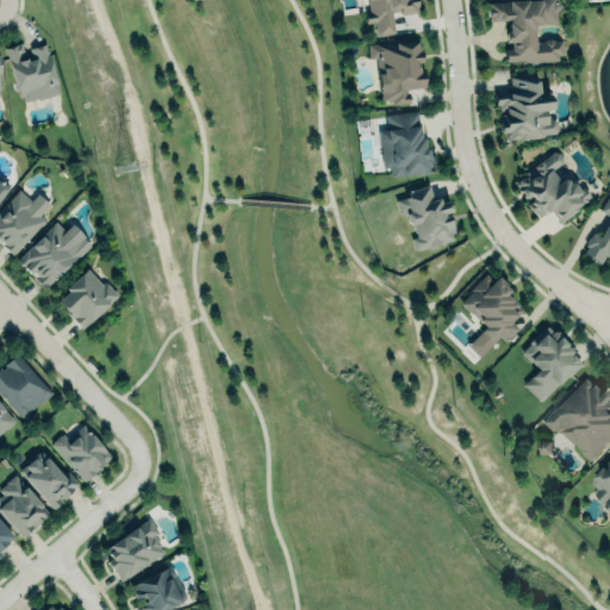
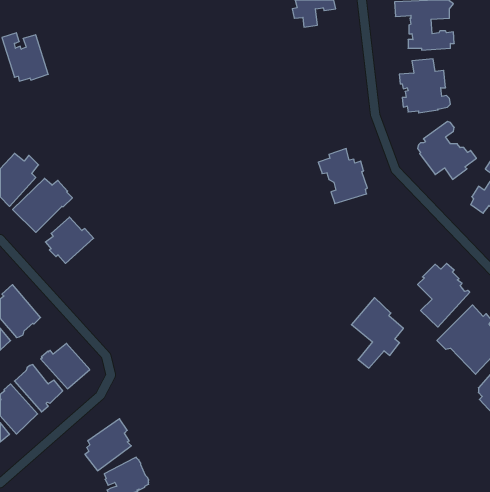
building: [371,42,427,104] -> none
building: [380,112,435,178] -> none
building: [461,272,525,359] -> [351,298,403,368]

